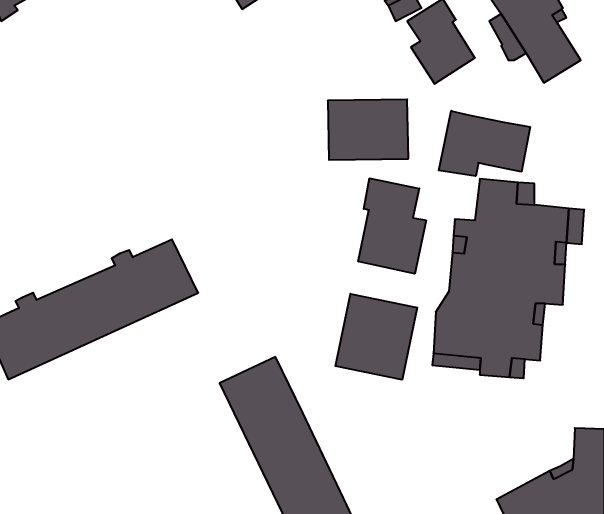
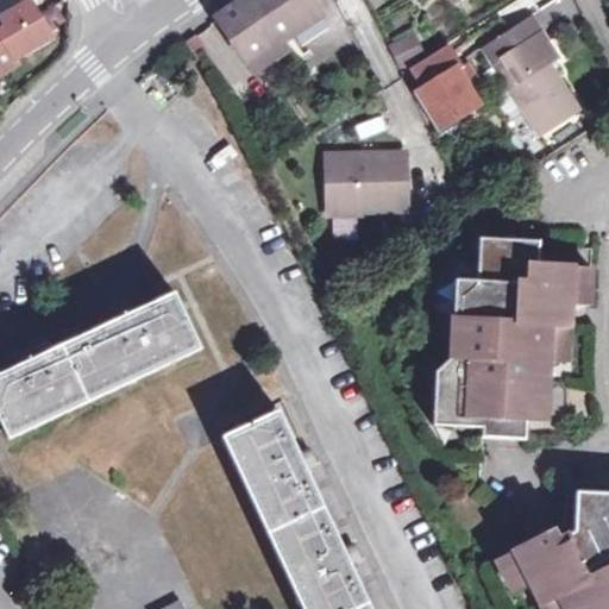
building: [439,111,530,176] -> none
building: [358,178,426,274] -> none
building: [335,294,417,380] -> none

